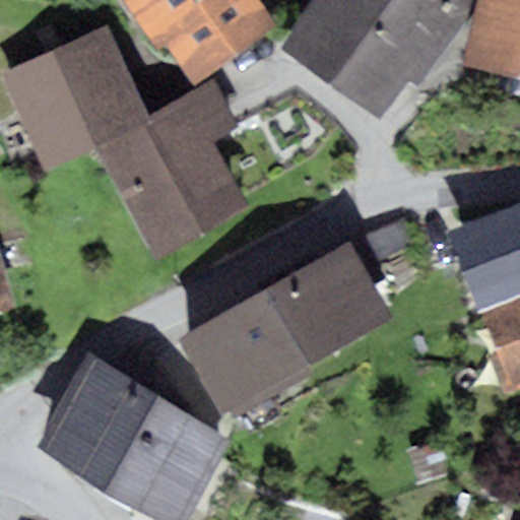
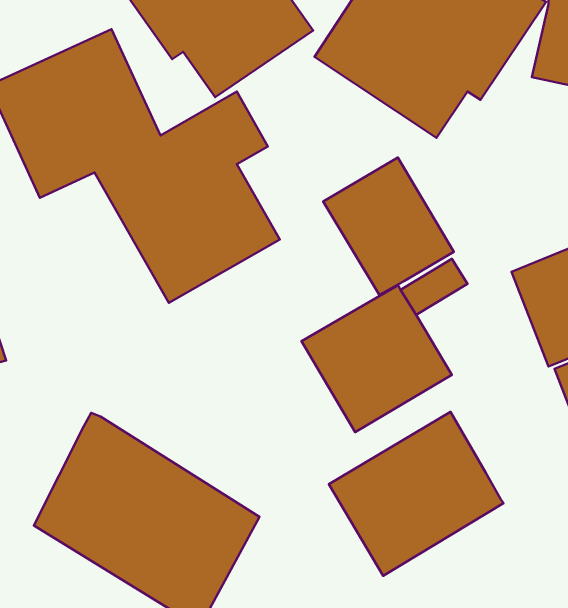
building: none -> [323,157,454,295]
building: [181,290,312,418] -> none
building: none -> [329,412,504,576]

